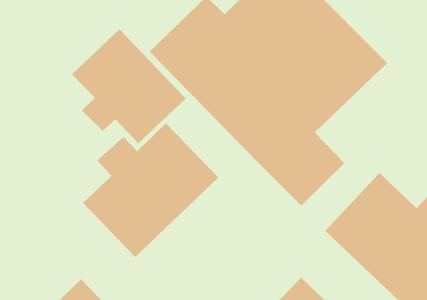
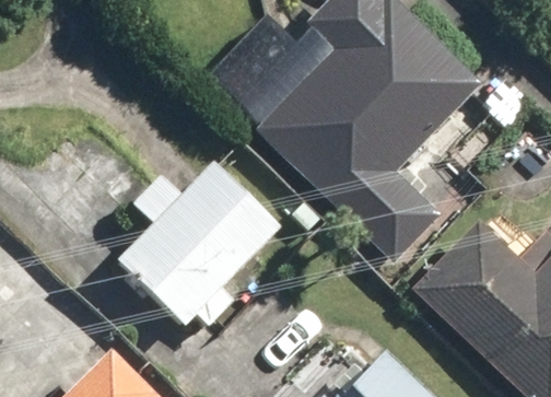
building: [71,29,186,144] -> none

